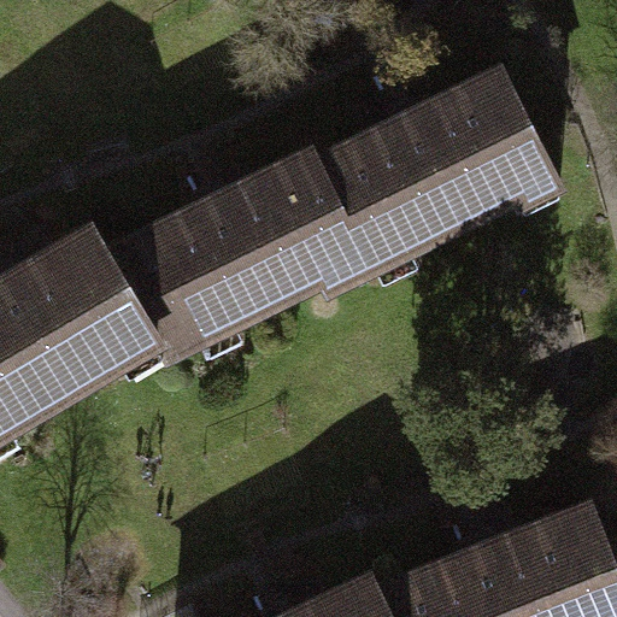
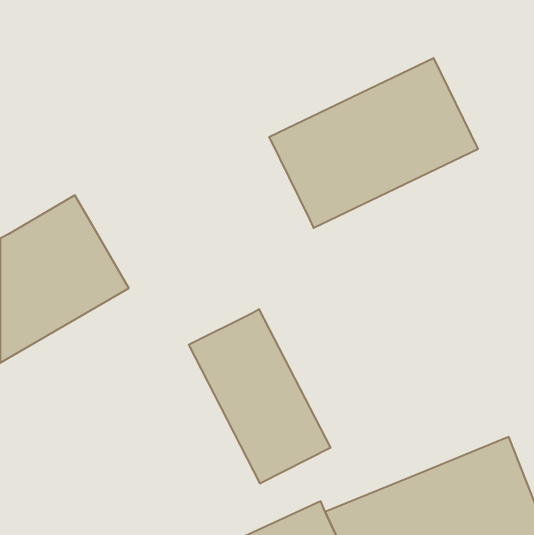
building: [107,151,359,352] -> none
building: none -> [189,309,330,484]

